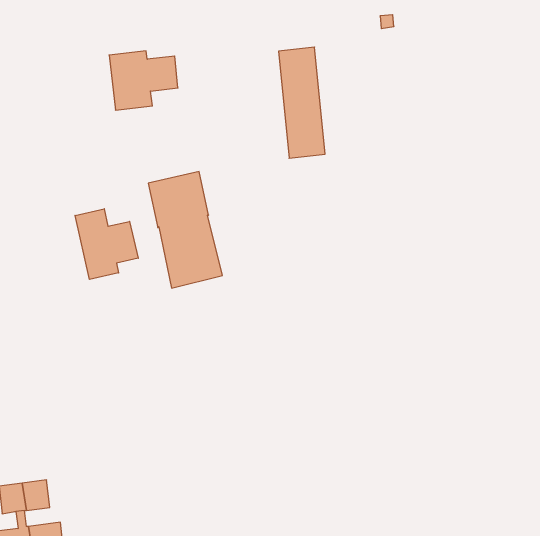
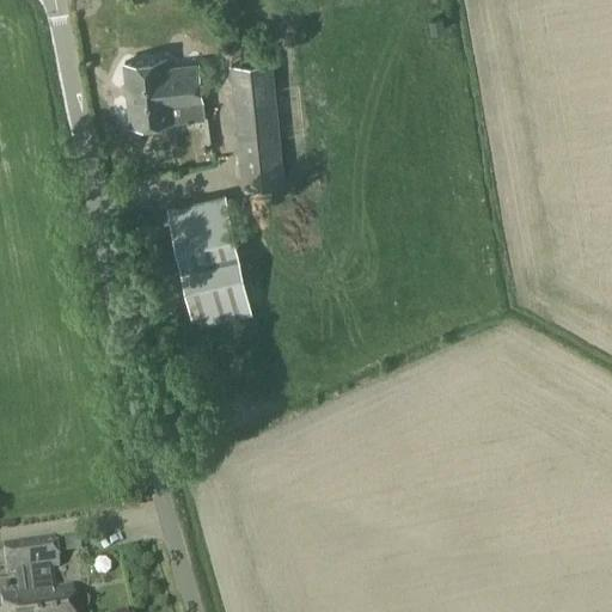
building: [279,47,325,158] -> [230,67,282,192]
building: [75,209,138,279] -> none

